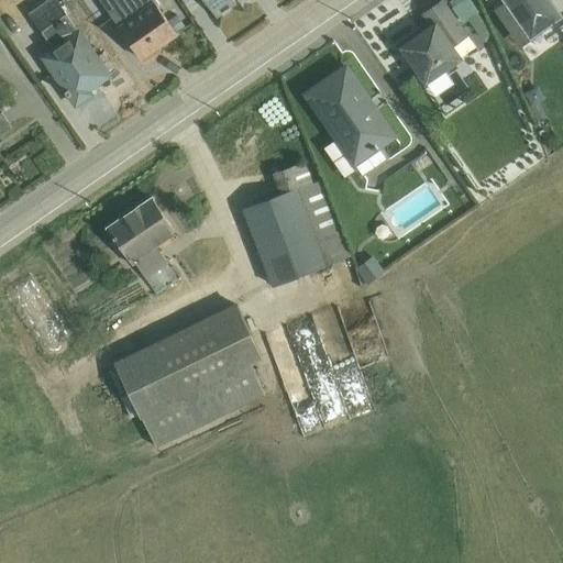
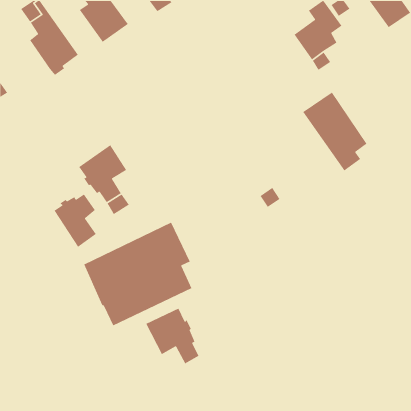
building: [305,67,394,176] -> [302,92,368,171]
building: [243,163,349,286] -> none
building: none -> [54,194,97,248]
building: none -> [145,308,200,365]

